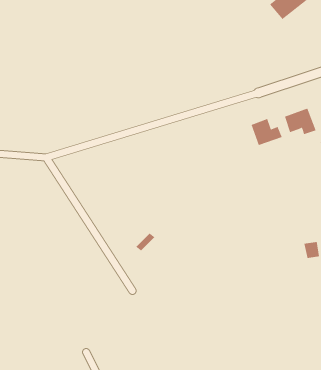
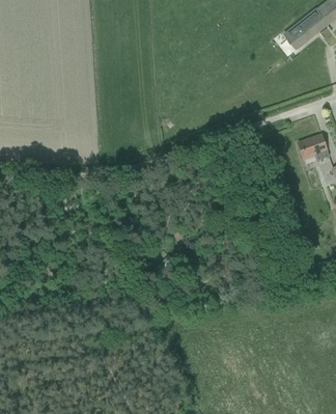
building: [251,118,283,146] -> none

